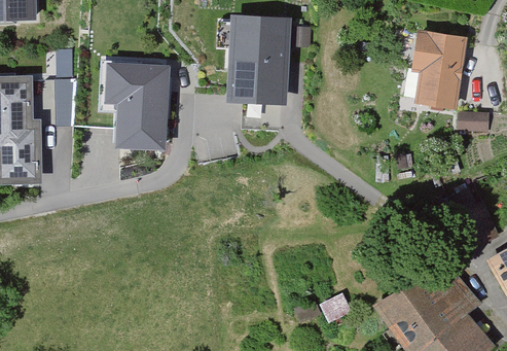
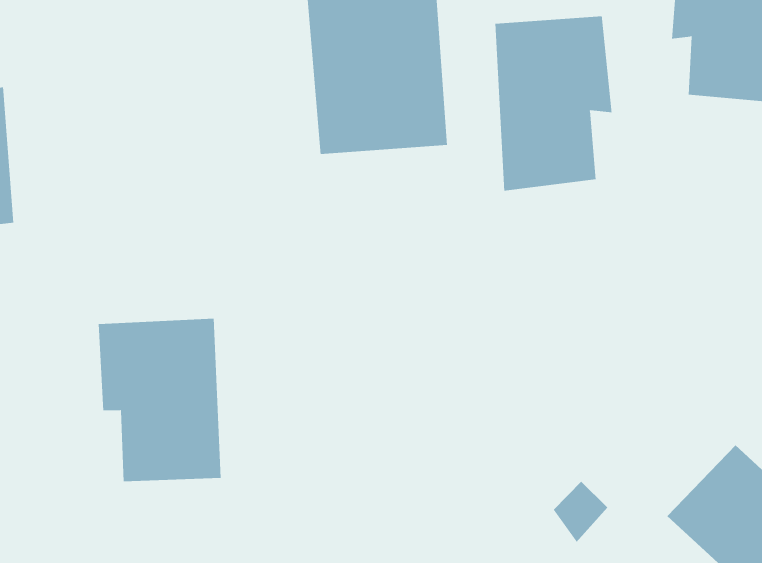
building: none -> [495,15,612,192]
building: [108,61,172,148] -> [98,318,222,482]

